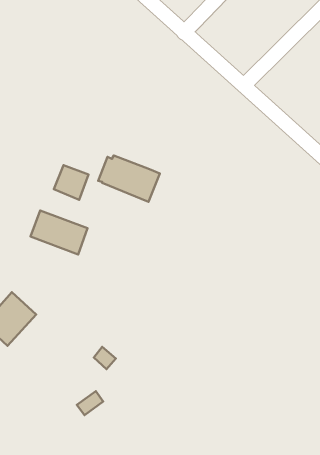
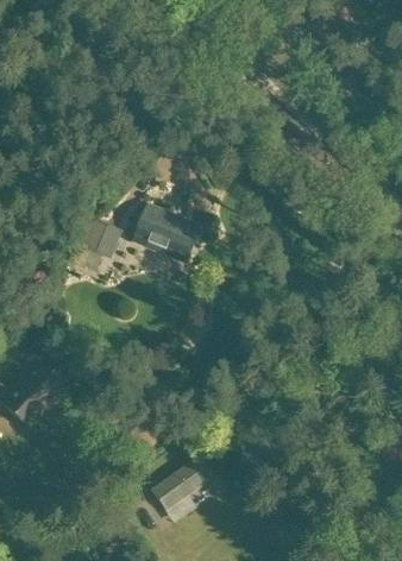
building: [31,210,88,254] -> none
building: none -> [152,456,213,521]

